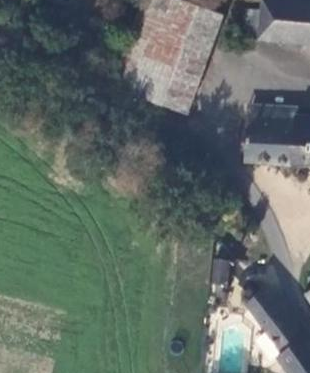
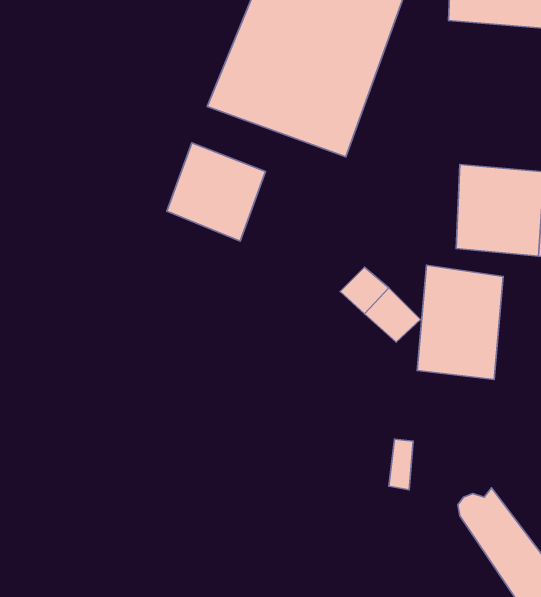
building: none -> [167,143,266,241]
building: none -> [417,265,503,380]

